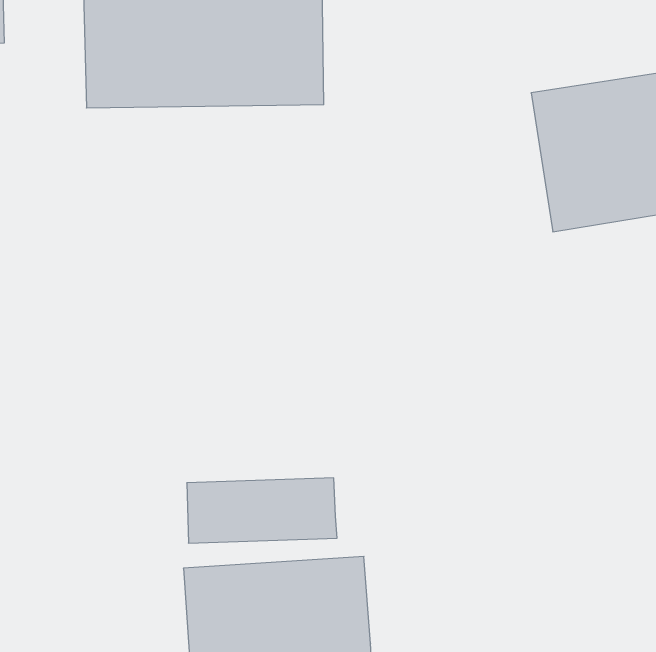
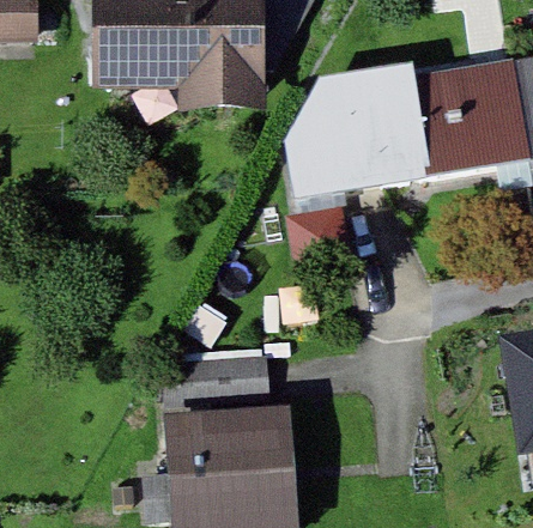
building: none -> [286,67,428,196]

